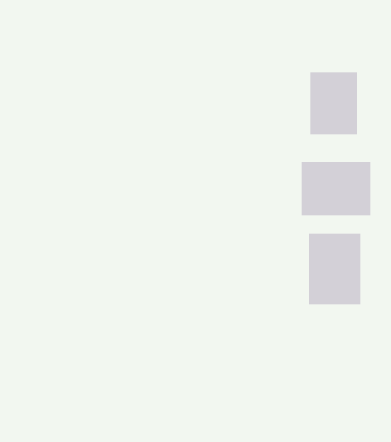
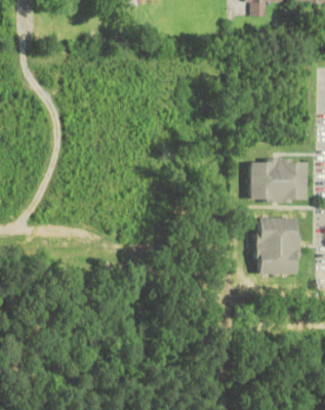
building: [310,71,357,135] -> none

